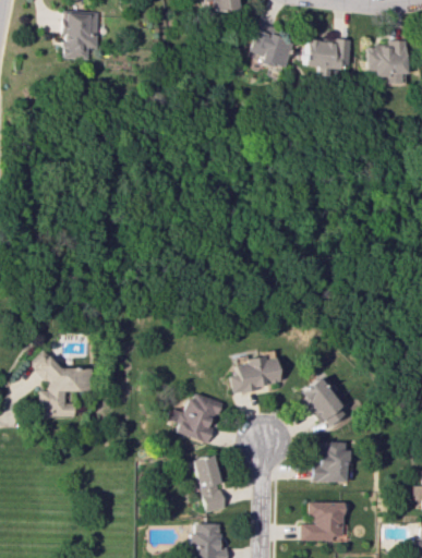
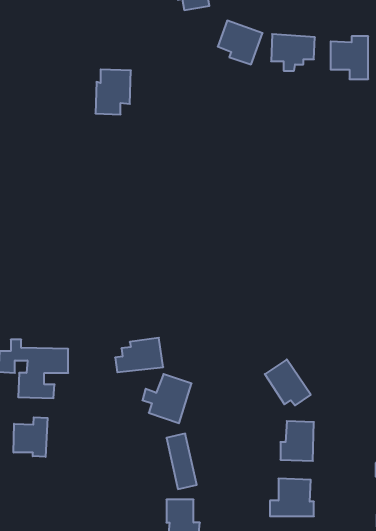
building: [62,12,99,59] -> [95,69,131,114]
building: [230,355,280,391] -> [115,338,163,372]
building: none -> [14,417,48,457]

